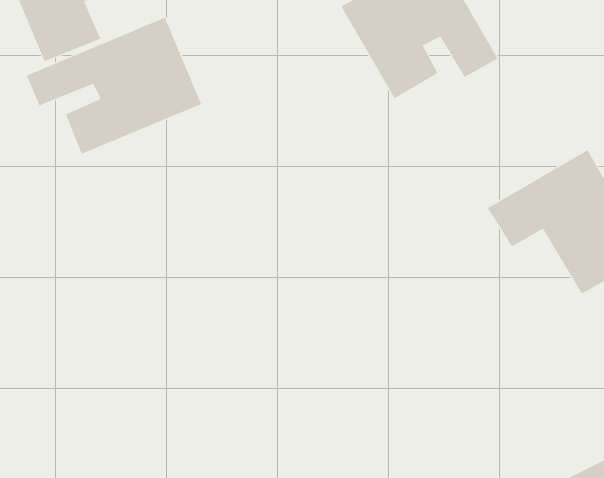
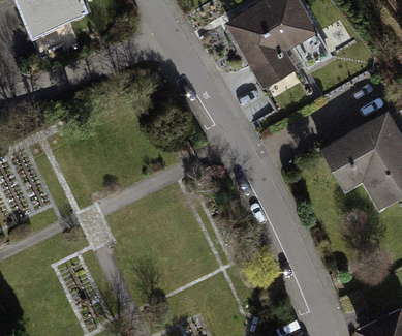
building: [26,17,202,155] -> none

